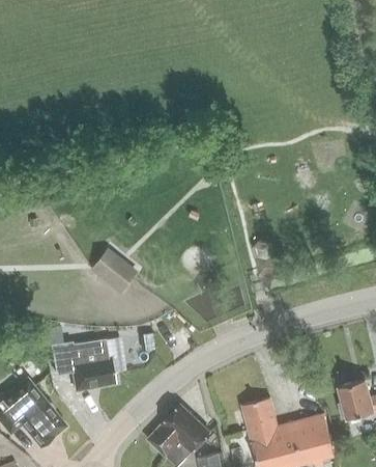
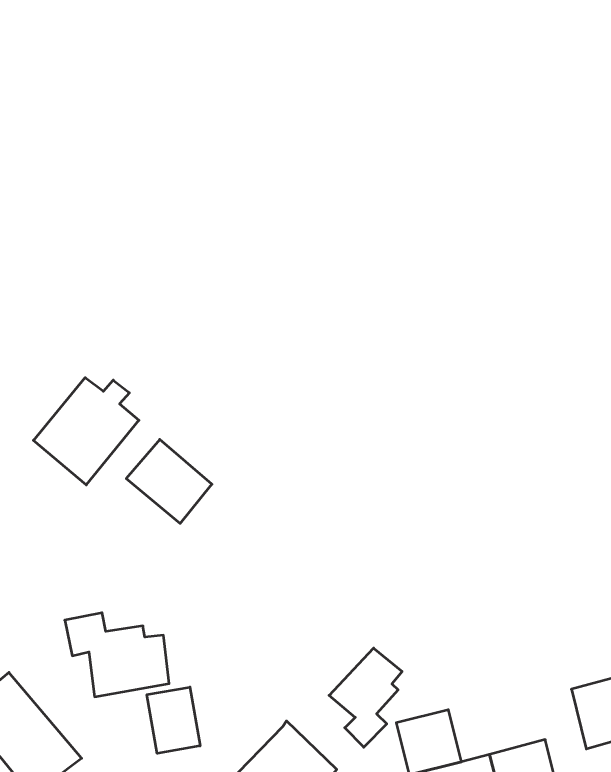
building: none -> [33,378,139,485]
building: none -> [329,648,402,747]
building: none -> [147,687,200,753]

